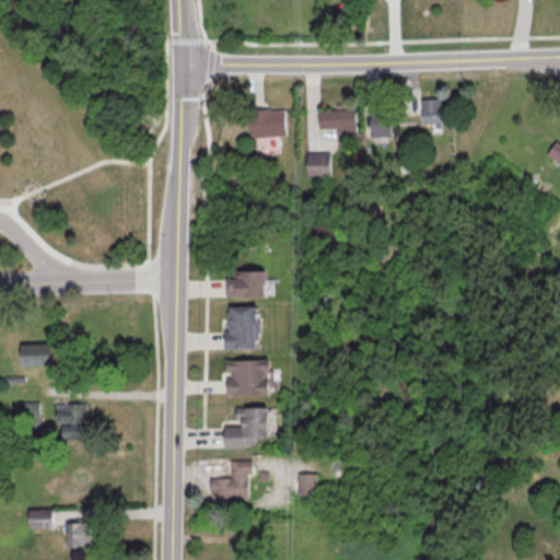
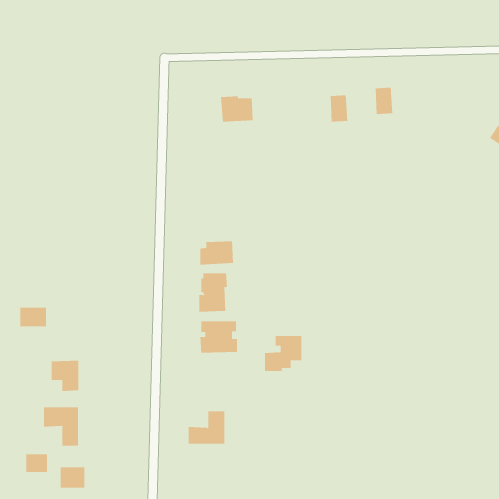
building: [317,109,355,136] -> none
building: [305,152,329,176] -> none
building: [223,408,266,448] -> [264,335,302,372]
building: none -> [44,406,78,447]
building: [301,474,319,497] -> none

